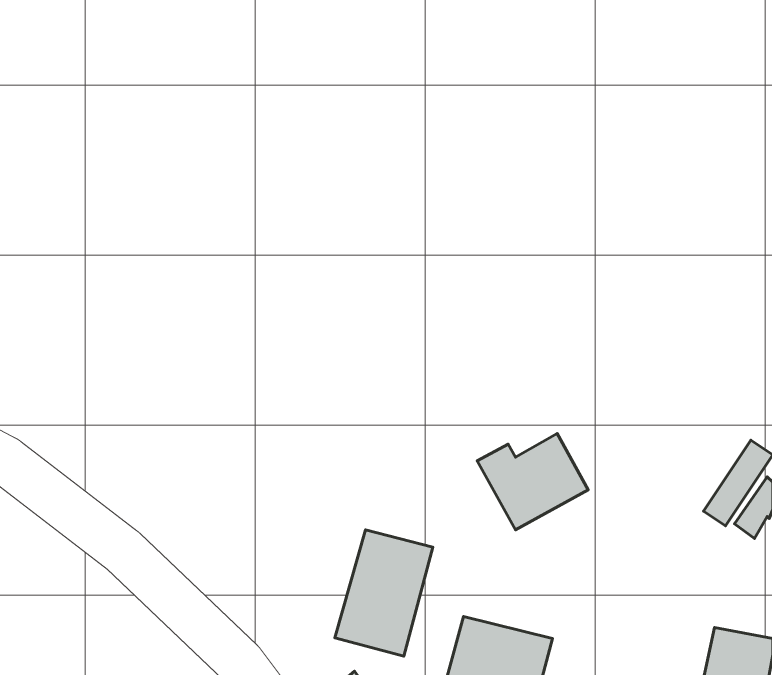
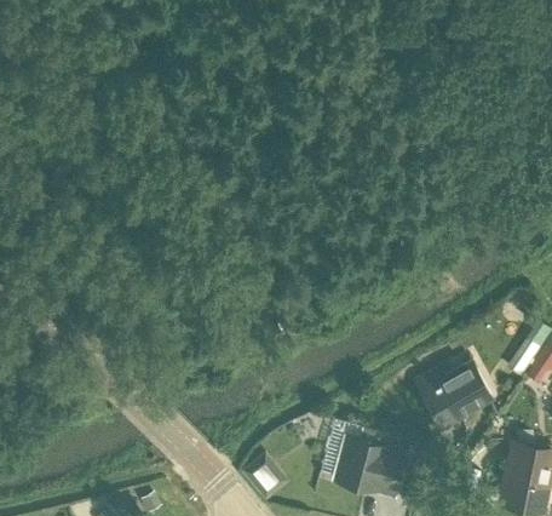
building: [477,433,588,530] -> [416,363,490,428]
building: [335,530,433,656] -> none

